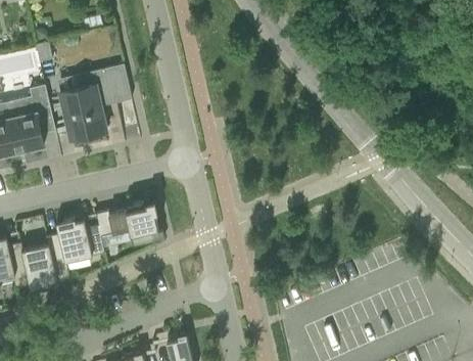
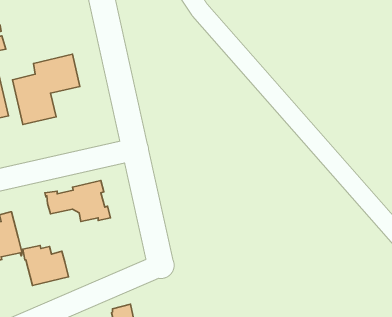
building: [53,220,102,263] -> [23,246,69,285]

